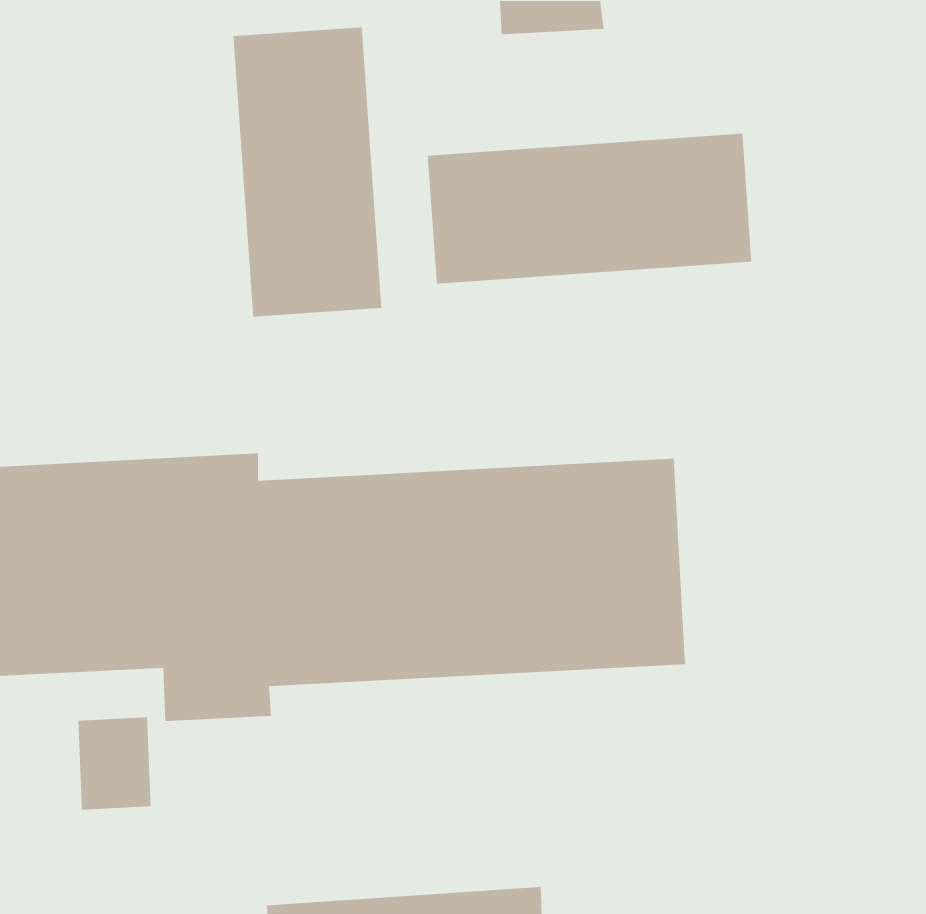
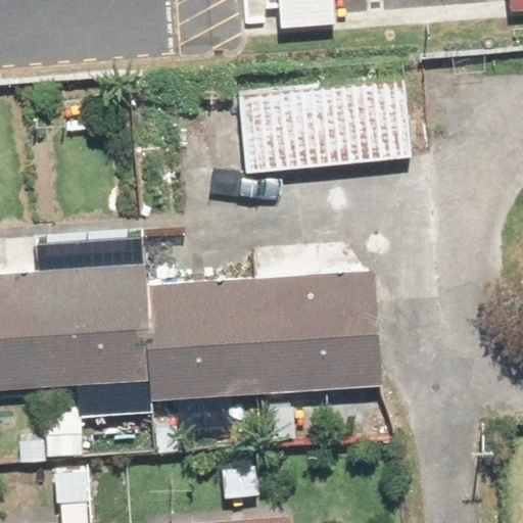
building: [233,26,382,317] -> none

